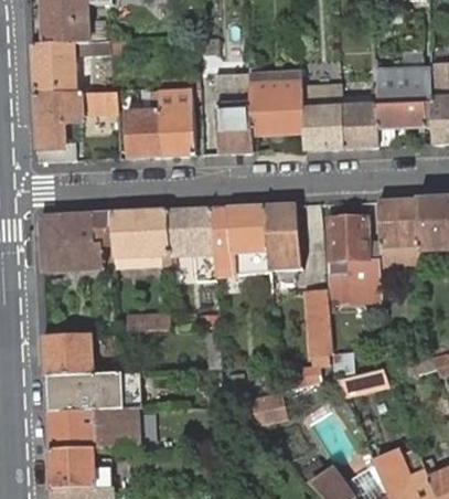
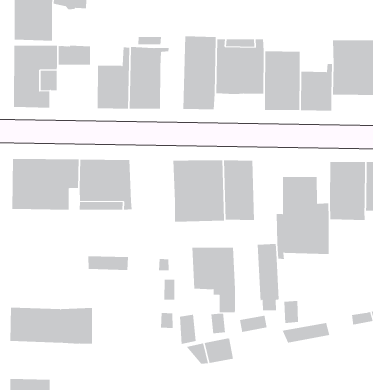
building: [164,208,215,278] -> [192,247,236,313]
building: [43,332,99,374] -> none
building: [46,410,127,450] -> none

